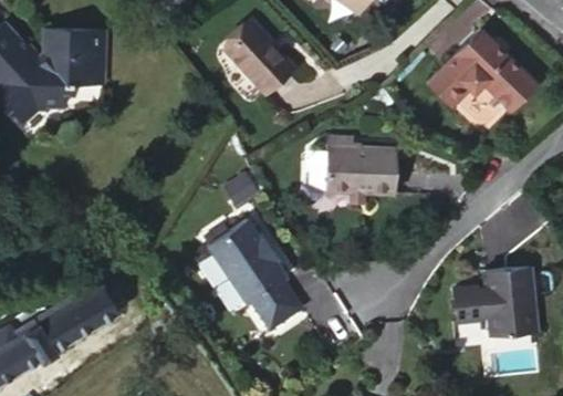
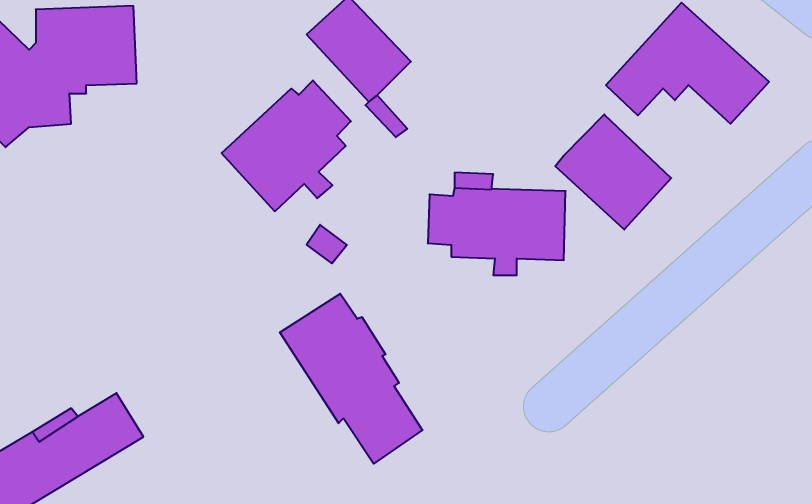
building: none -> [222,80,351,211]
building: none -> [555,114,671,230]
building: [448,270,530,338] -> none

